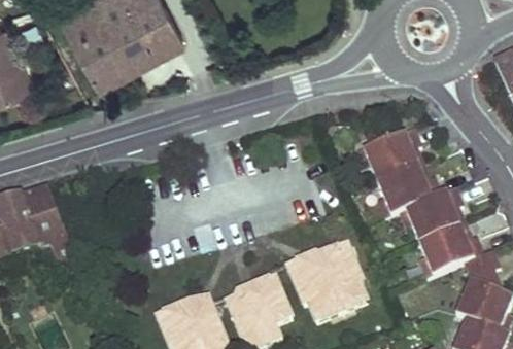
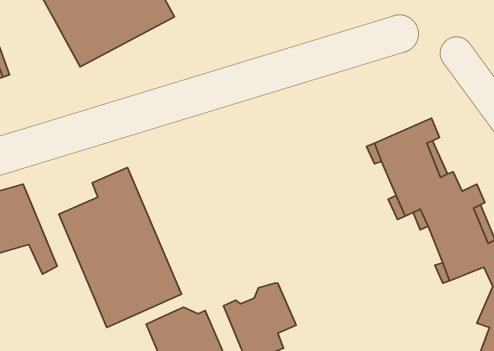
building: none -> [59,168,181,328]
building: [285,241,367,320] -> none

